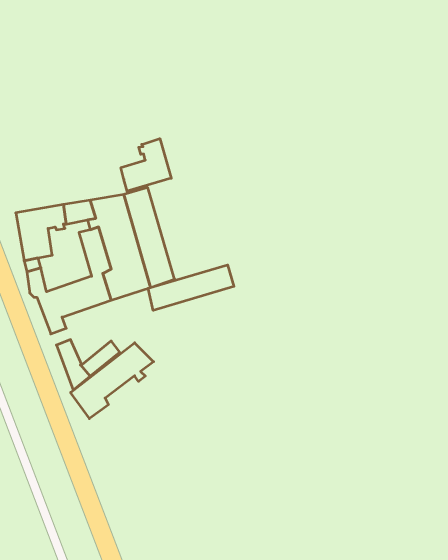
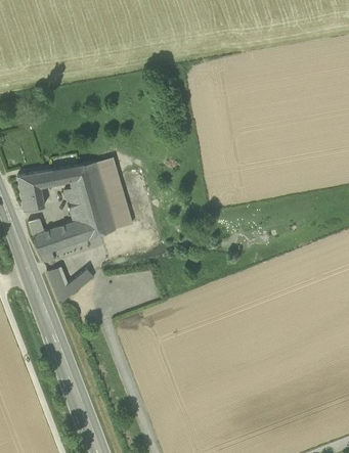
building: [121,139,171,191] -> none
building: [148,265,234,310] -> none
building: [71,343,154,419] -> none

